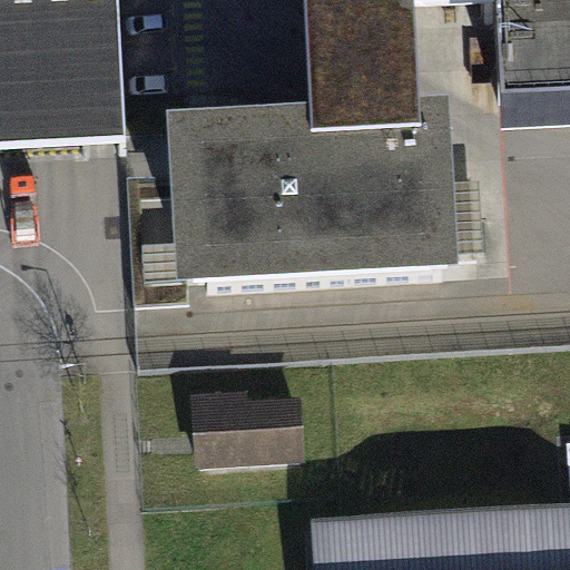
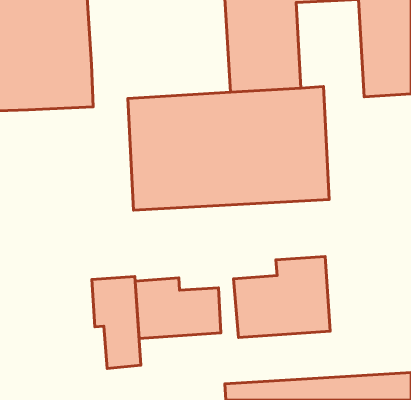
building: none -> [234,257,330,337]
building: none -> [92,276,141,368]

